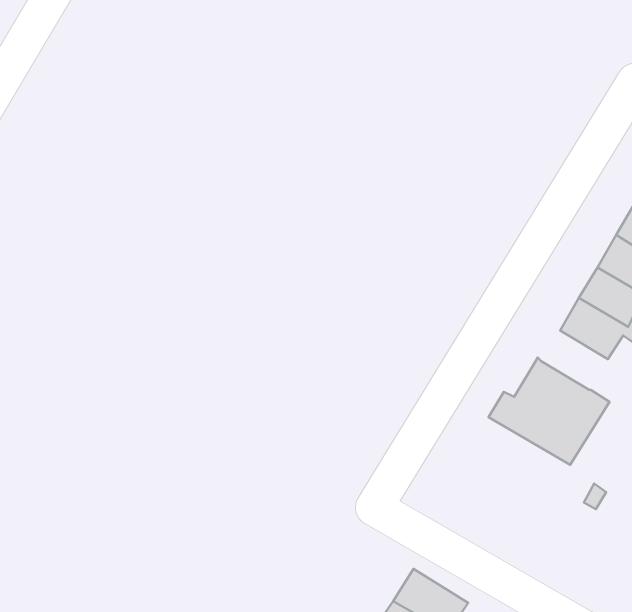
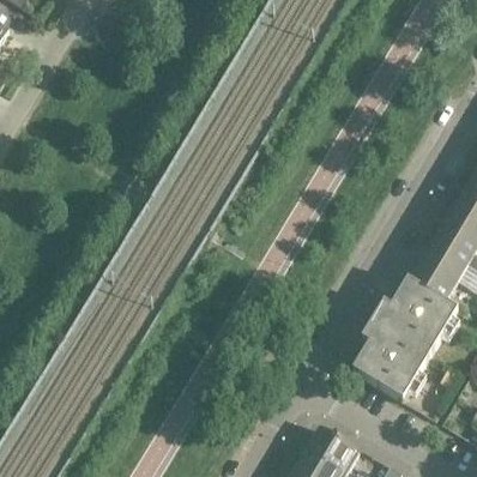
building: none -> [409,259,455,301]
building: none -> [351,320,429,399]

